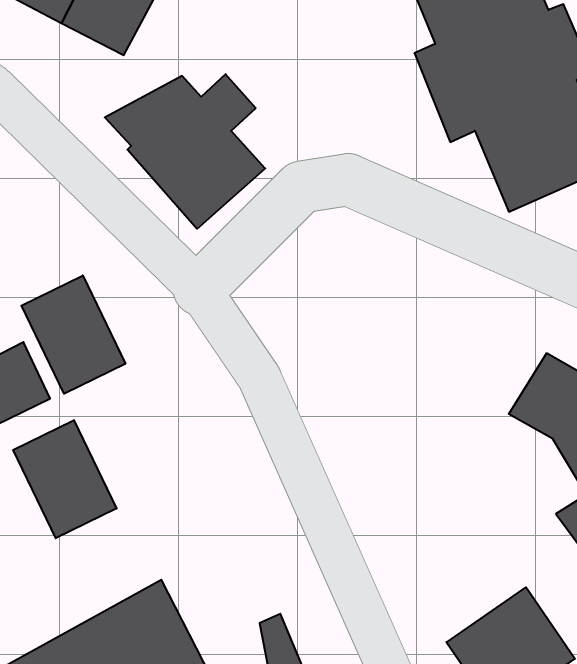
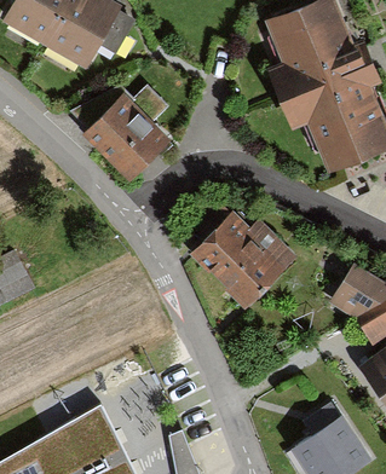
building: none -> [188,209,299,311]
building: [21,275,125,394] -> none
building: [13,420,117,538] -> none

